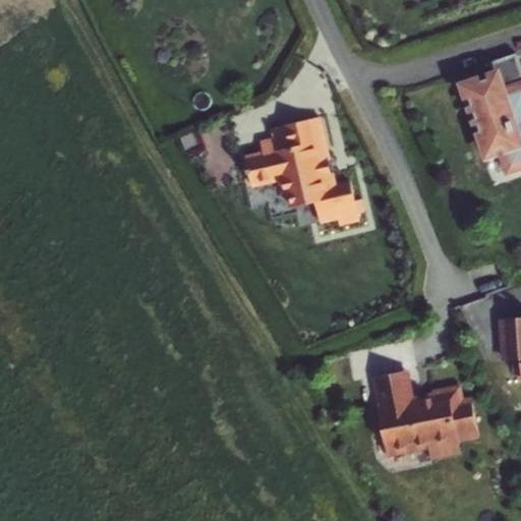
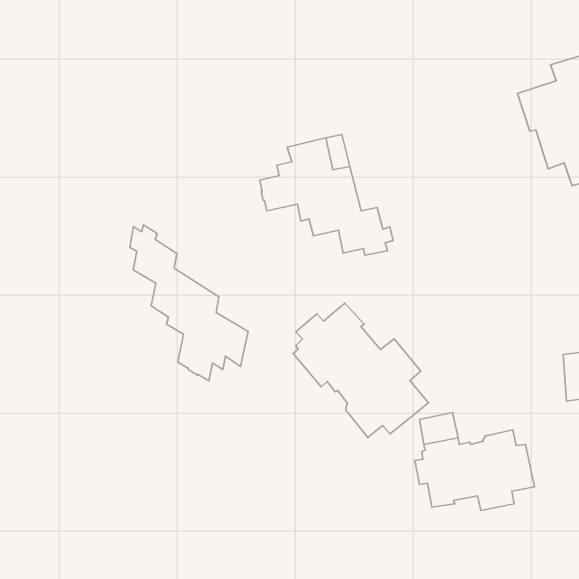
building: none -> [130,225,248,381]
building: none -> [293,303,429,437]

